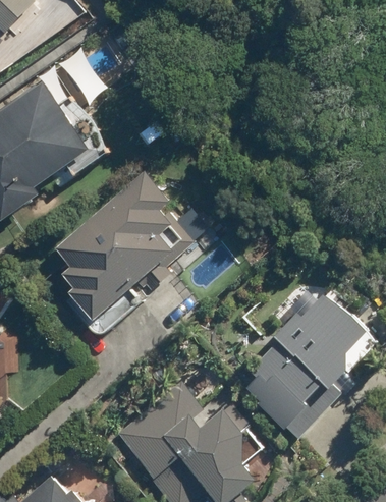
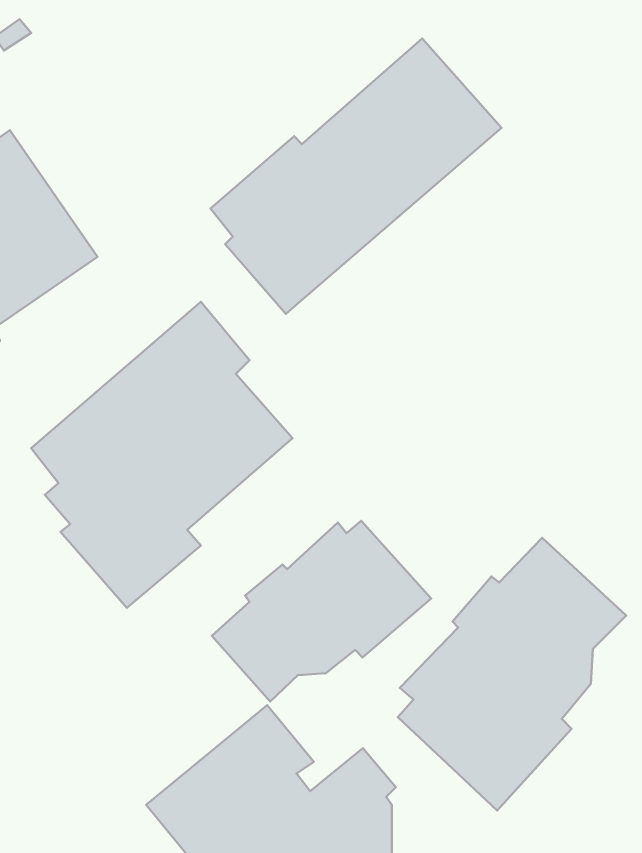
building: none -> [210,38,502,314]
building: none -> [212,521,431,701]

